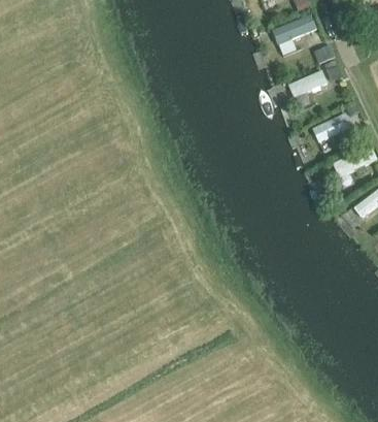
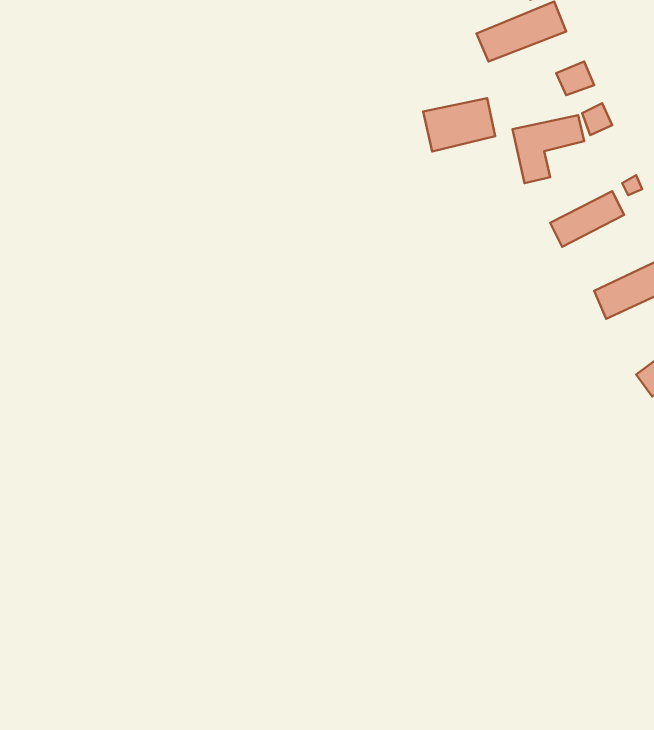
building: none -> [423,98,495,152]

